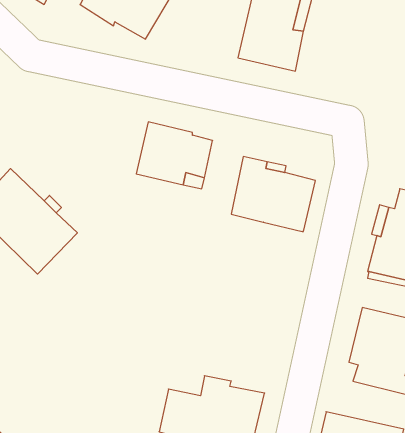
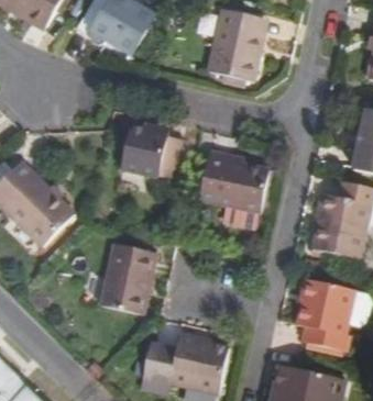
building: none -> [97,241,155,312]

